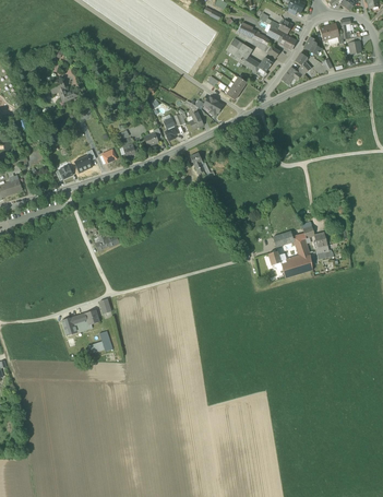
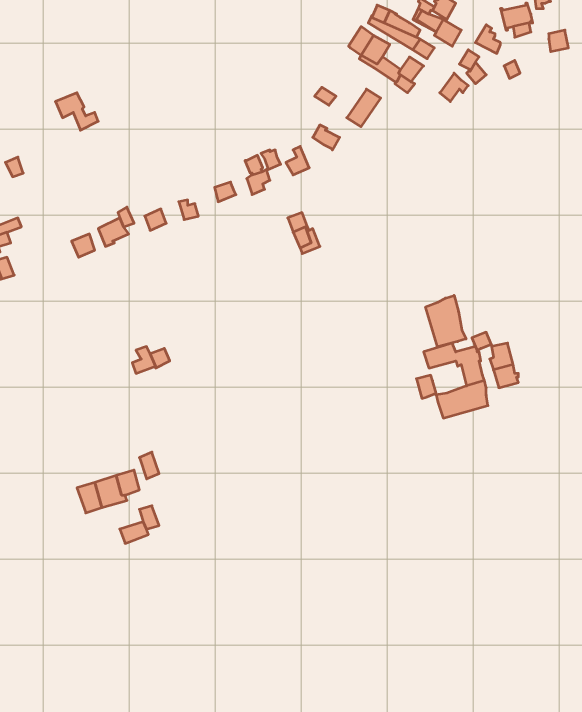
building: none -> [426,295,466,347]

